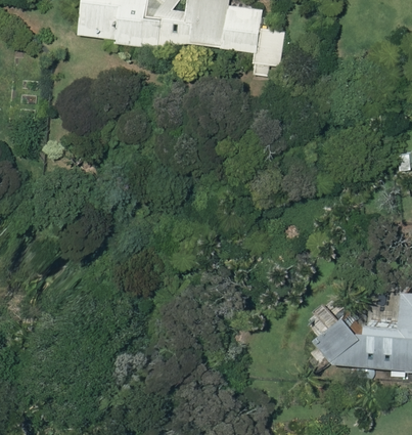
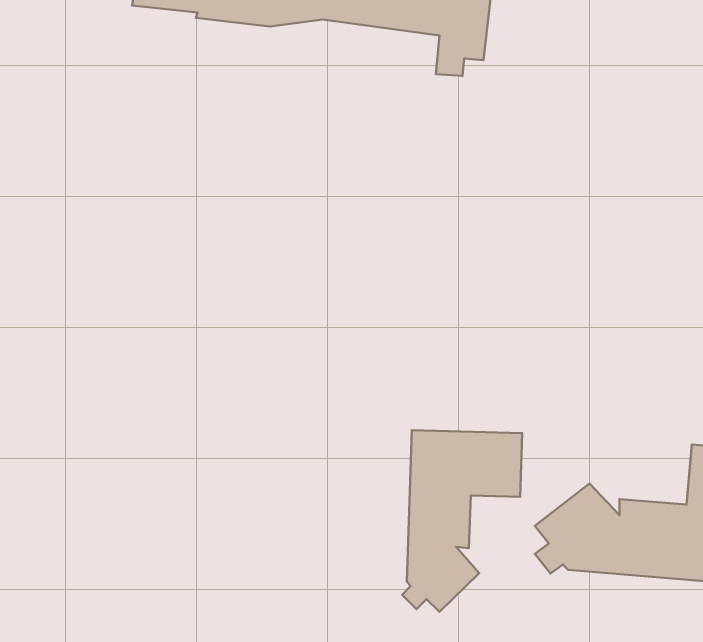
building: none -> [402,430,522,612]

